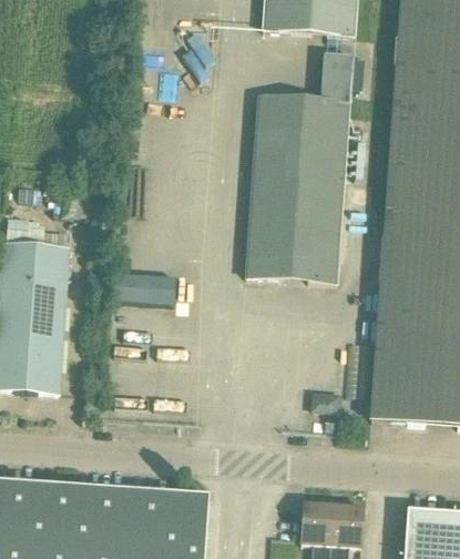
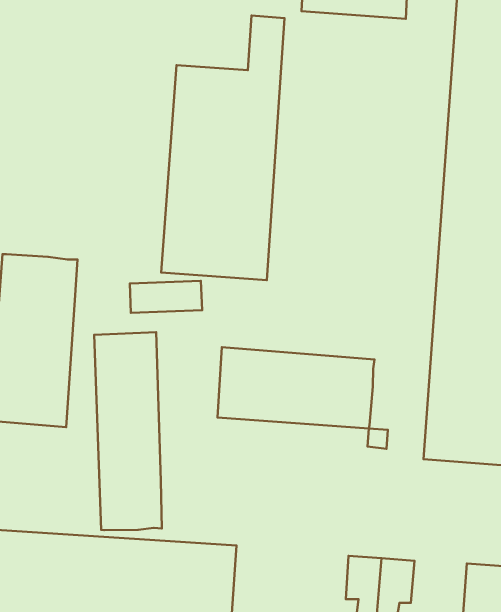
building: [245,52,352,283] -> [161,16,285,280]
building: none -> [94,332,162,530]
building: none -> [217,347,374,429]

